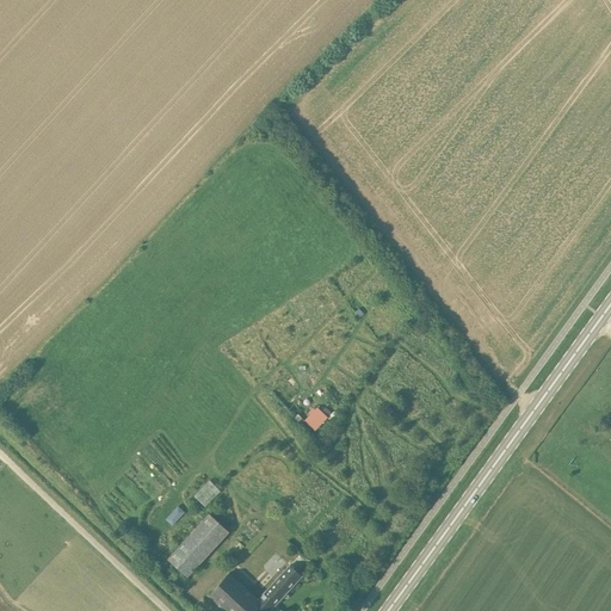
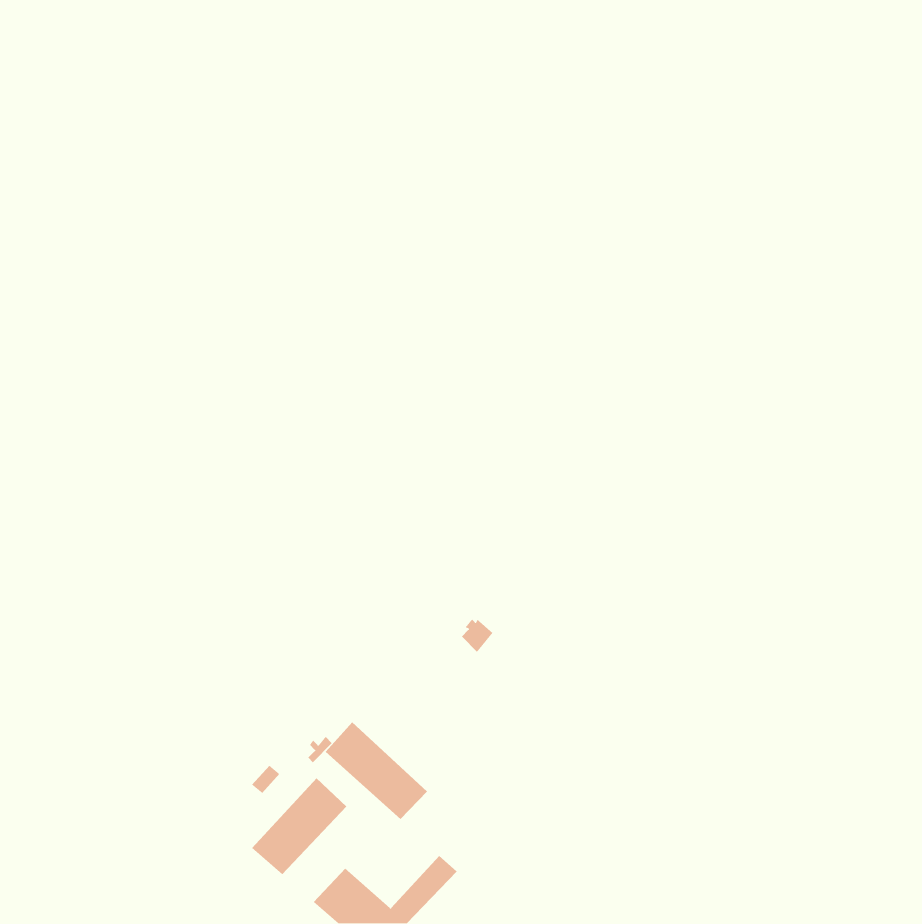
building: none -> [325,722,428,820]

